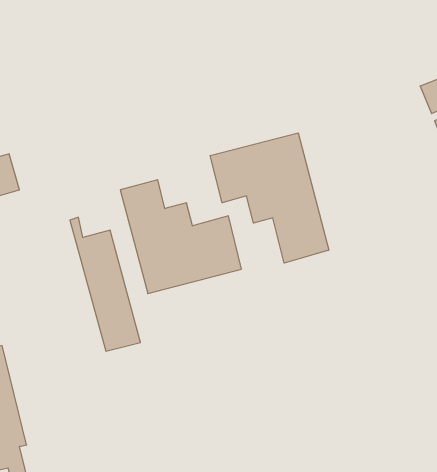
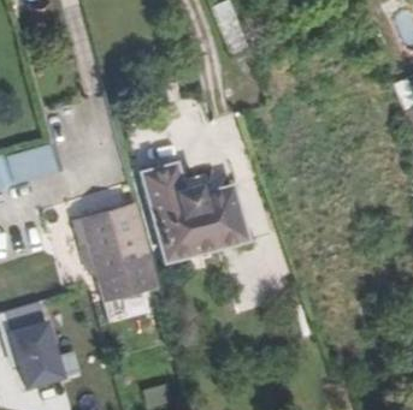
building: [210,133,329,263] -> none
building: none -> [82,197,131,313]

